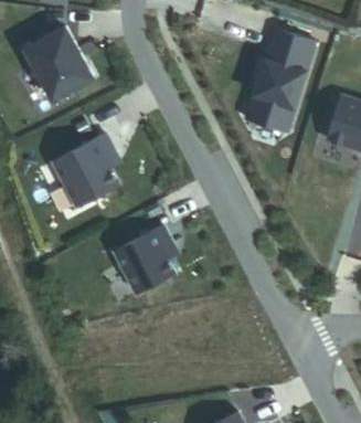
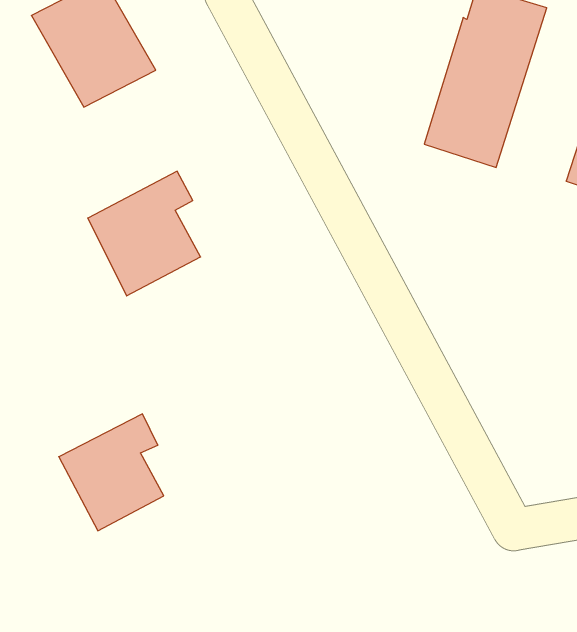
building: [116,226,176,293] -> [59,414,164,531]

